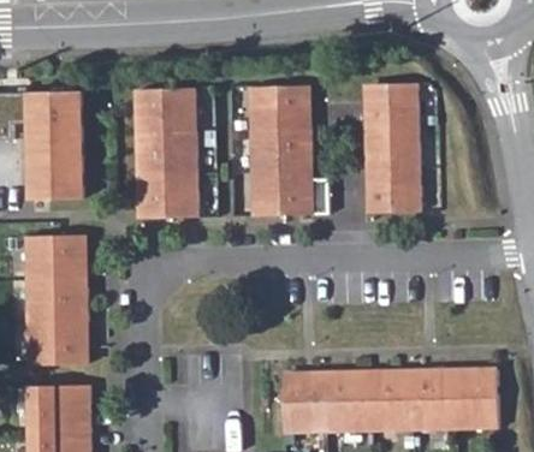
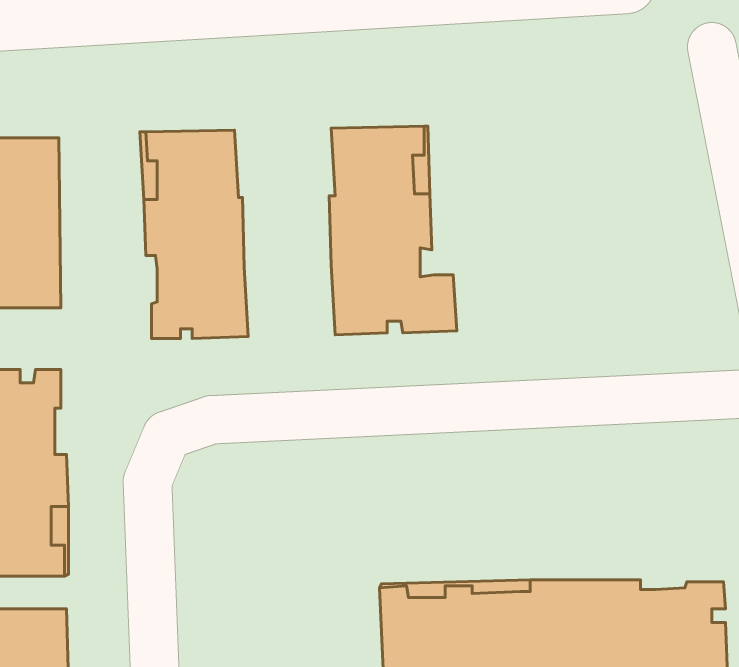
building: [364,84,423,213] -> none

